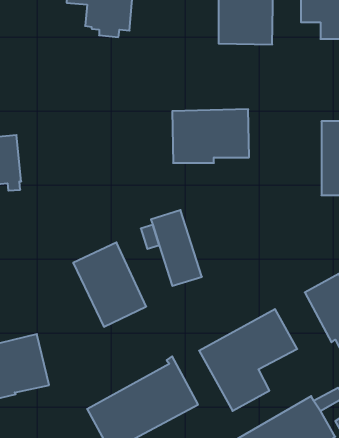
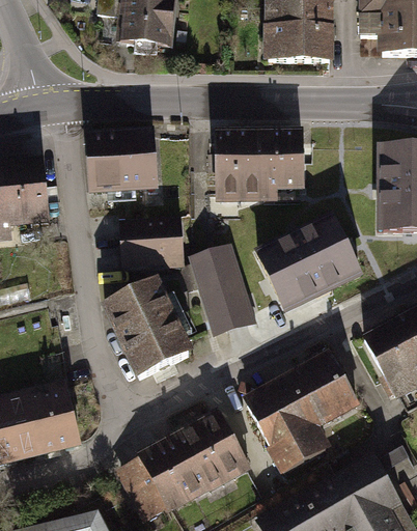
building: none -> [88,134,157,189]
building: none -> [260,220,360,308]
building: none -> [122,222,183,264]

